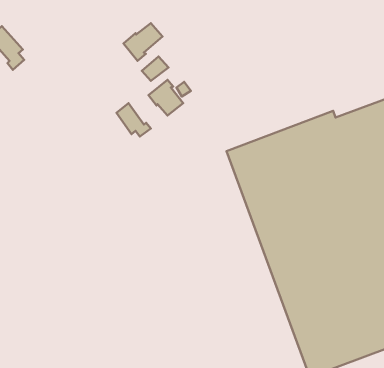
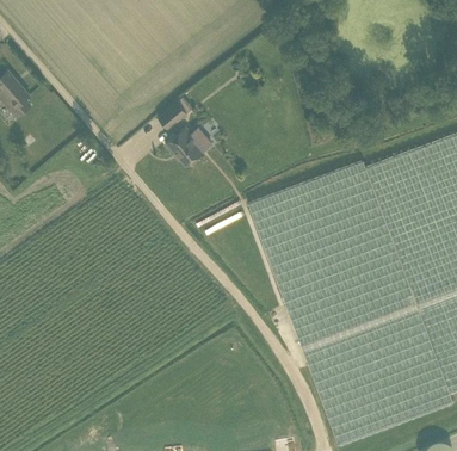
building: [123,23,162,61] -> none
building: [116,103,151,137] -> none

